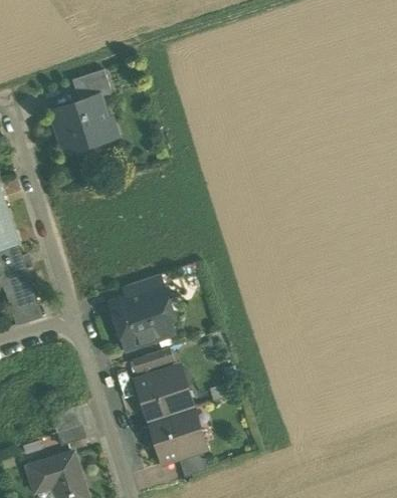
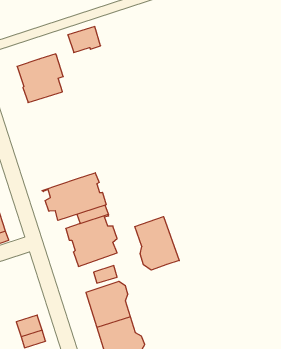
building: [72,70,112,101] -> [68,27,101,53]
building: none -> [42,173,106,220]
building: none -> [135,217,179,270]

